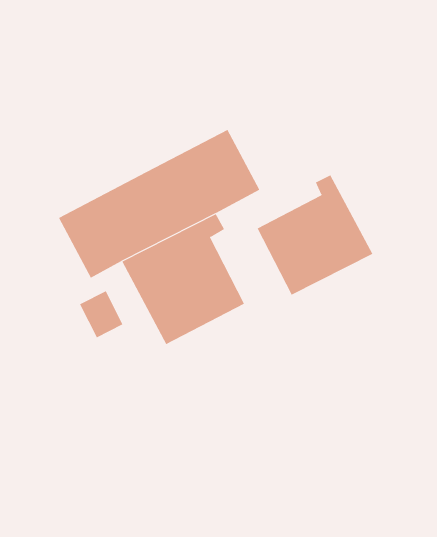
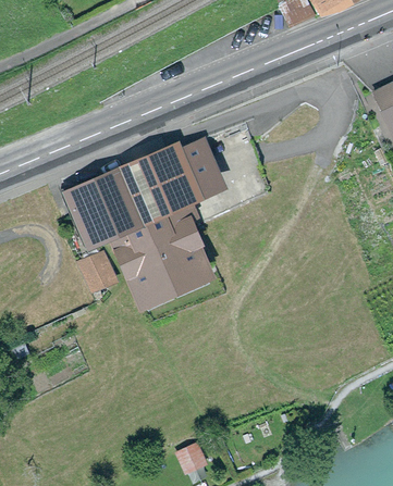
building: [257,174,373,295] -> none

